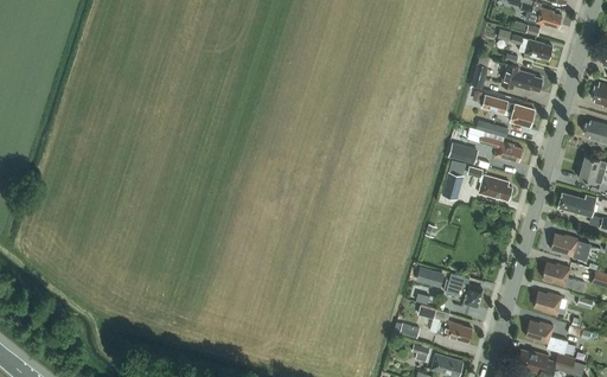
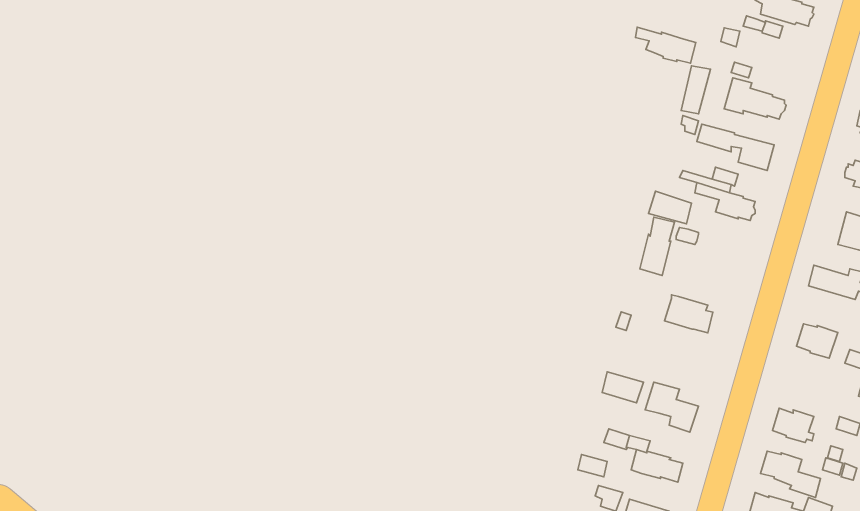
building: [511,34,552,59] -> [636,27,696,63]
building: [479,174,512,200] -> [665,295,713,333]
building: [542,262,576,288] -> none

